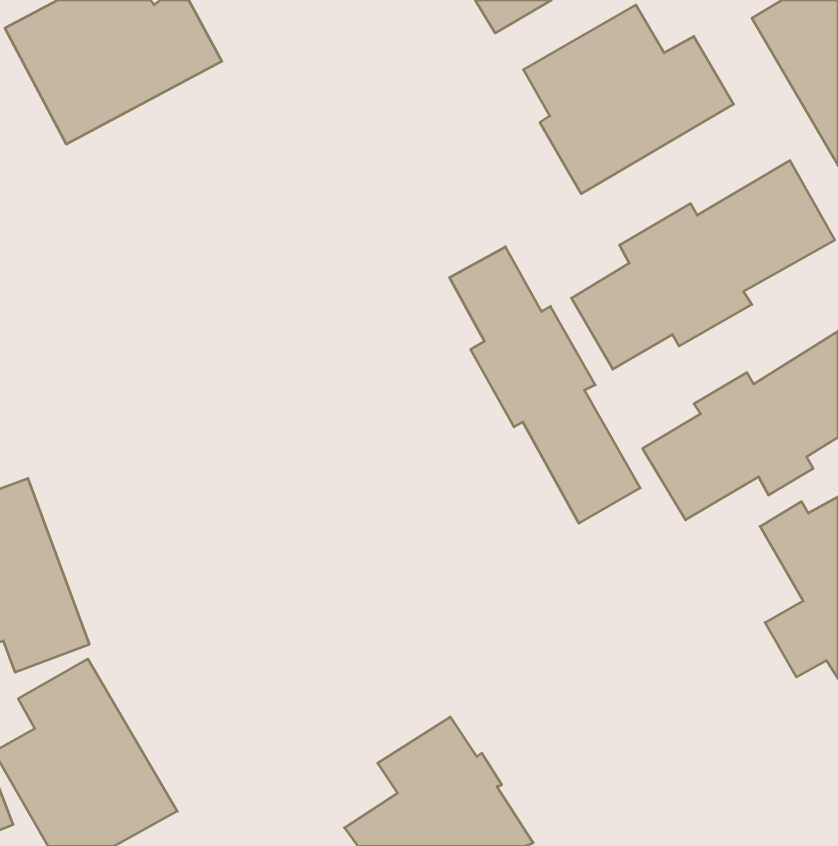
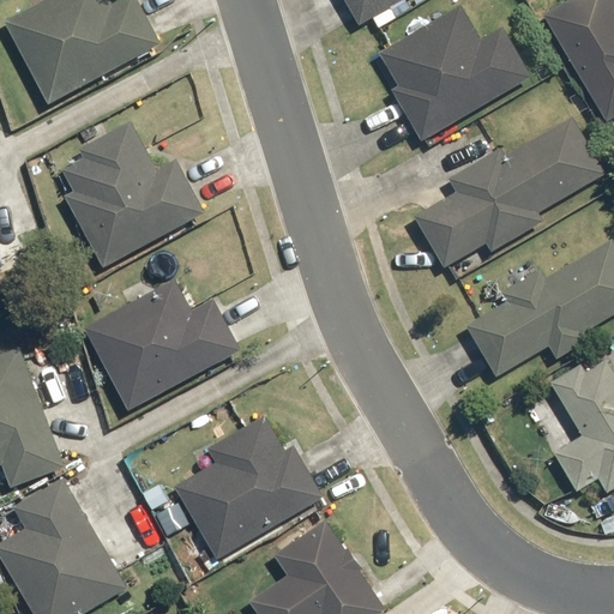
building: none -> [62,120,204,267]
building: [450,247,640,523] -> none
building: none -> [84,278,242,410]
building: none -> [174,415,324,559]

